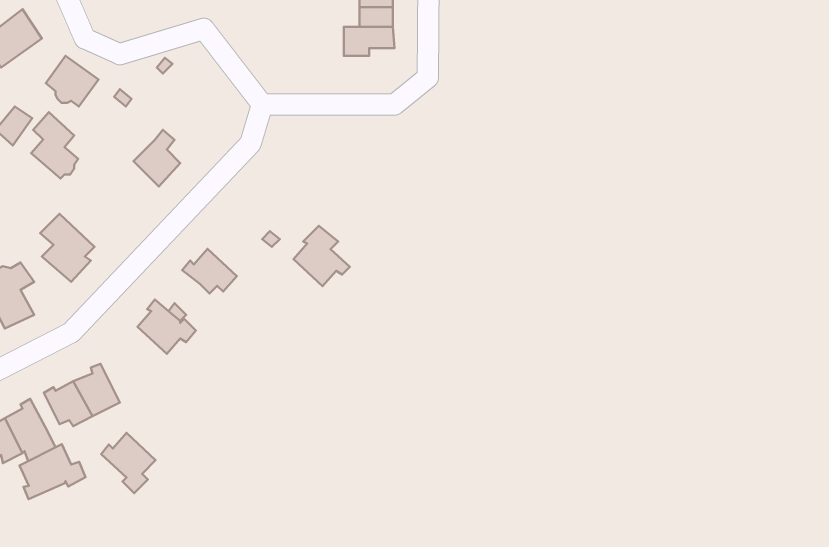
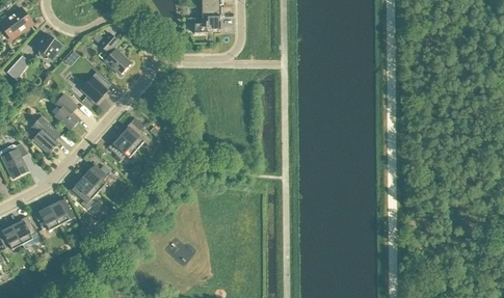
building: none -> [98,31,131,73]
building: [31,112,78,178] -> [54,92,79,128]
building: [293,226,350,286] -> [121,116,151,148]
building: [101,433,156,493] -> [70,175,99,208]
building: [19,444,86,499] -> none

